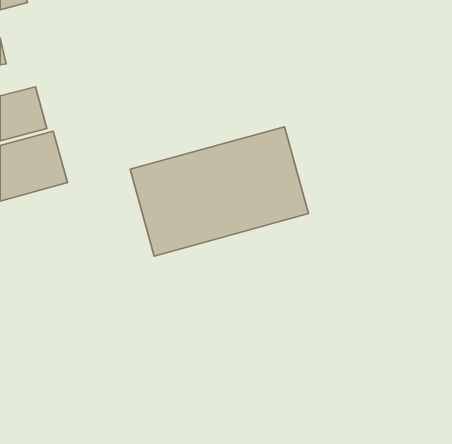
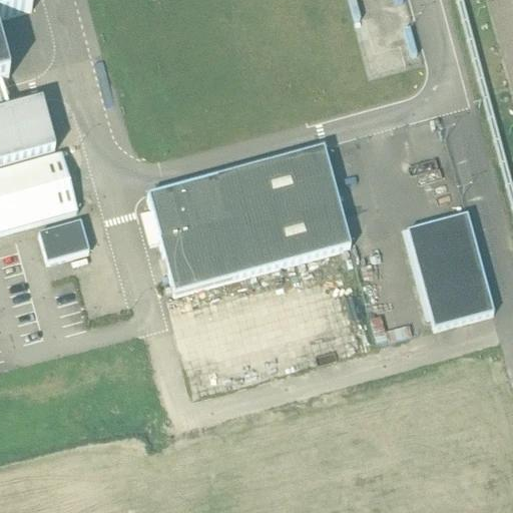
building: none -> [408,211,492,326]
building: none -> [39,216,88,258]

